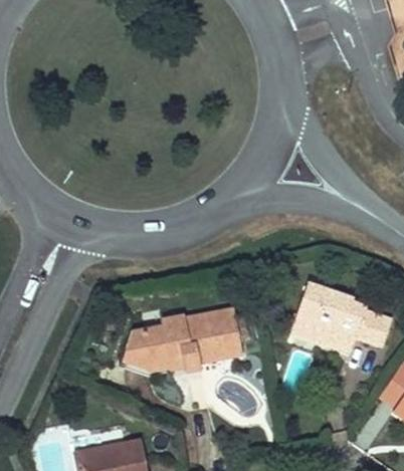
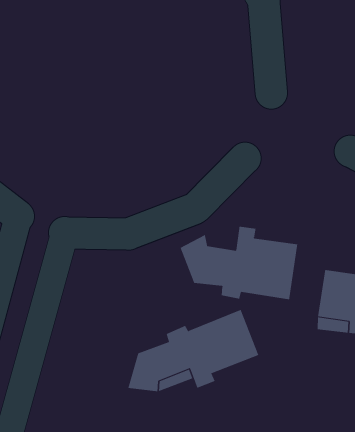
building: none -> [180,226,298,300]

